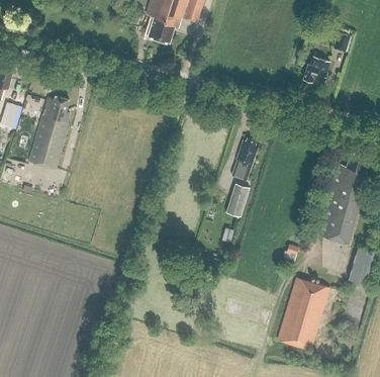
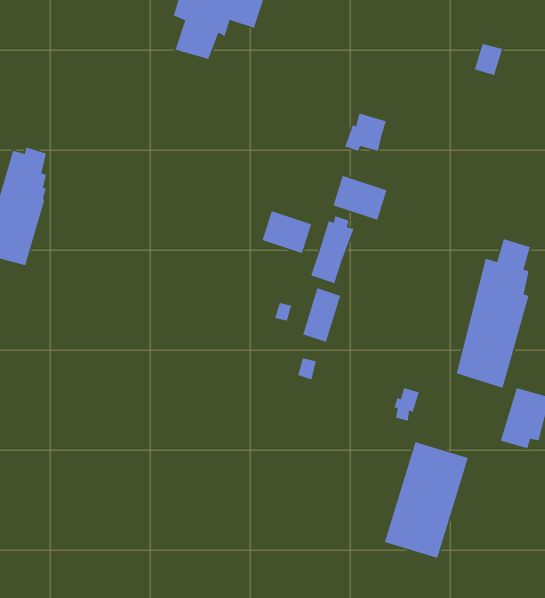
building: [303,57,329,81] -> [344,113,387,152]
building: none -> [332,175,387,221]
building: none -> [262,210,312,254]

